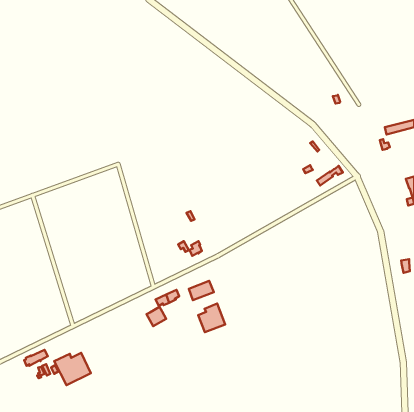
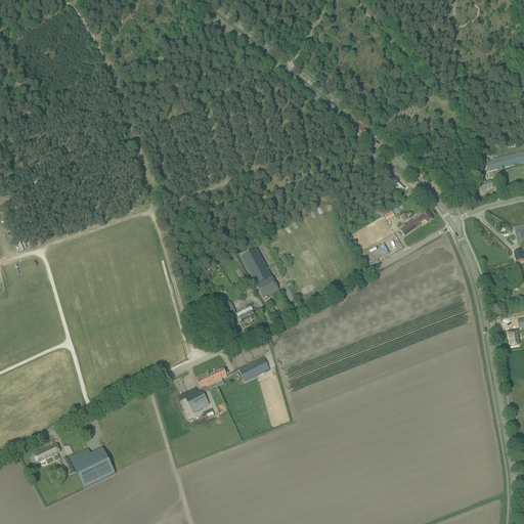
building: none -> [241,247,280,300]
building: [198,304,225,332] -> none

